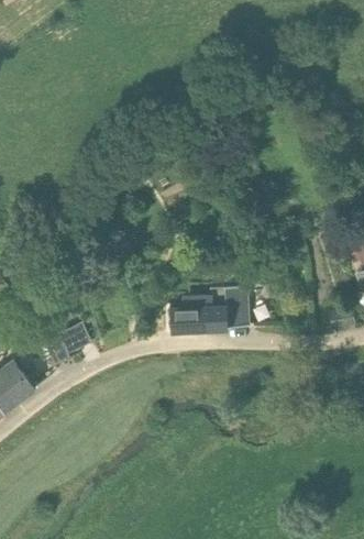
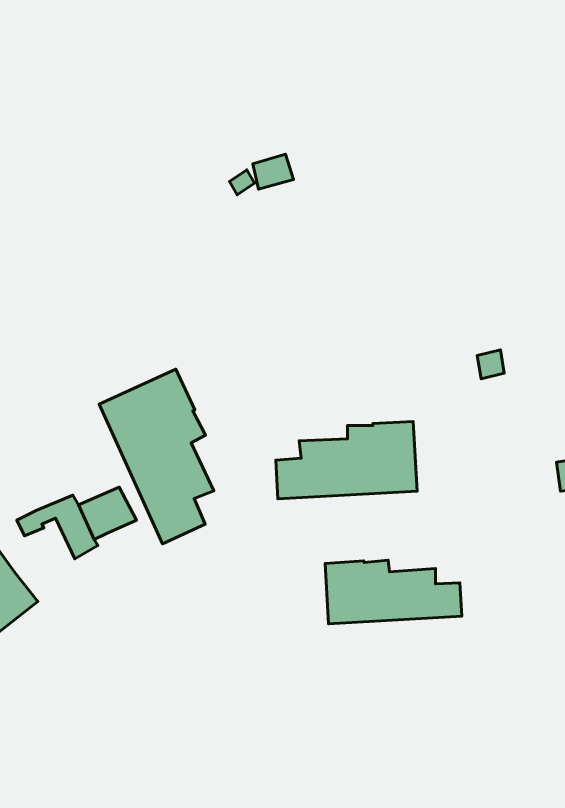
building: none -> [99,369,214,544]
building: none -> [325,560,462,624]

